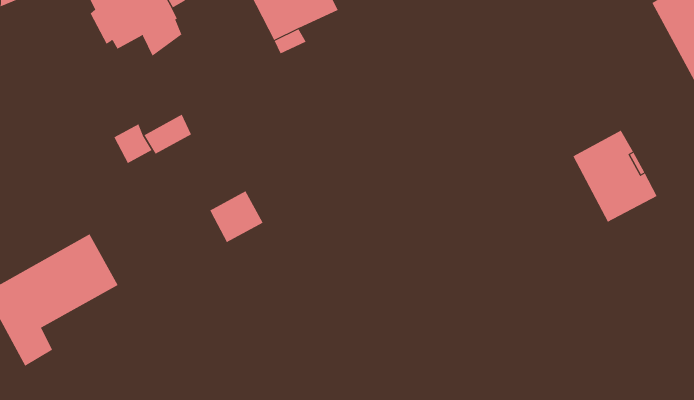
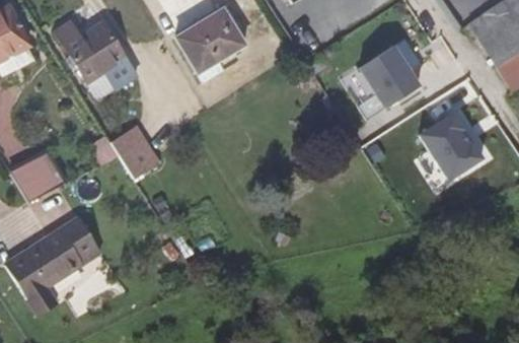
building: none -> [342,45,420,118]
building: none -> [16,153,63,199]
building: [209,190,263,243] -> [121,138,160,177]

